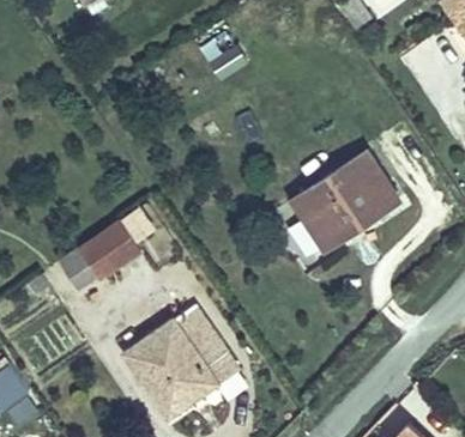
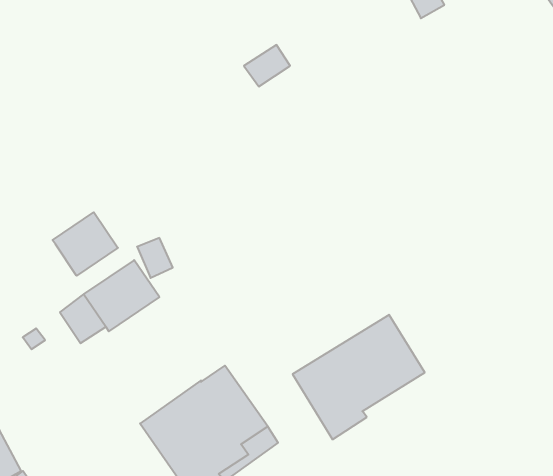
building: [292,148,399,249] -> [293,315,425,439]
building: none -> [53,212,118,276]

